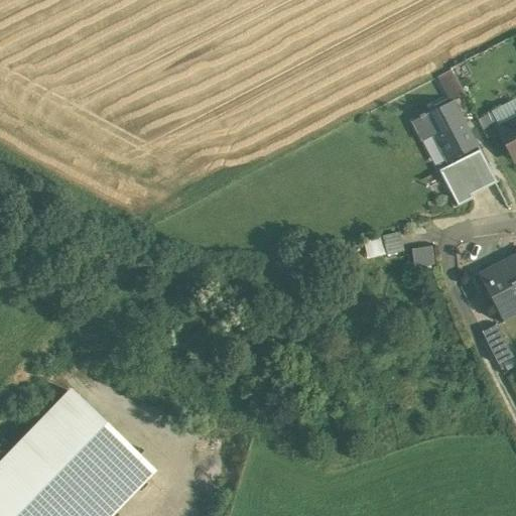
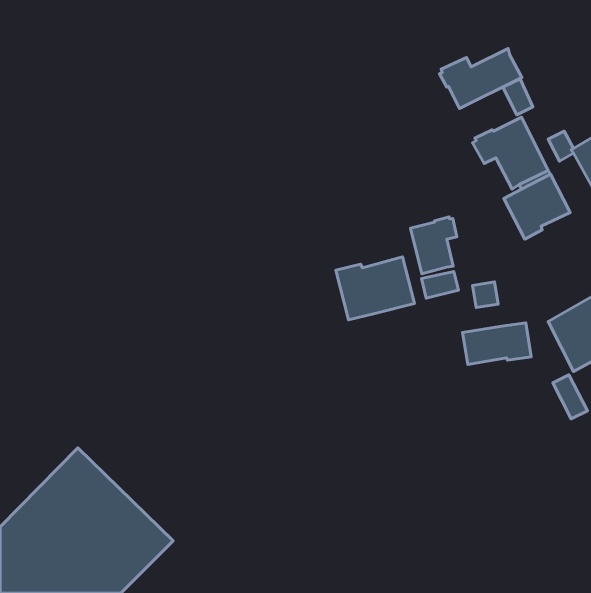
building: none -> [439,49,522,109]
building: none -> [410,217,457,274]
building: none -> [336,257,414,320]
building: none -> [462,323,531,365]

